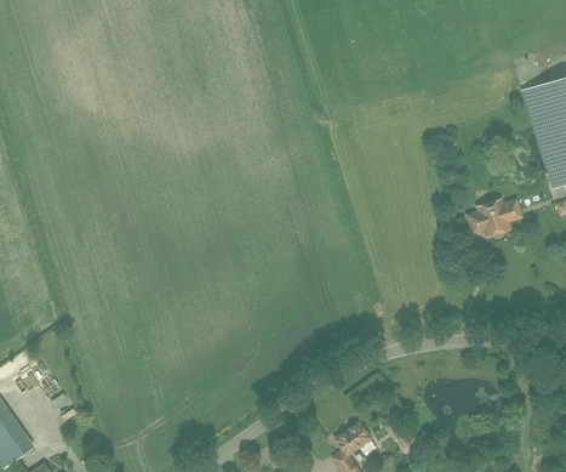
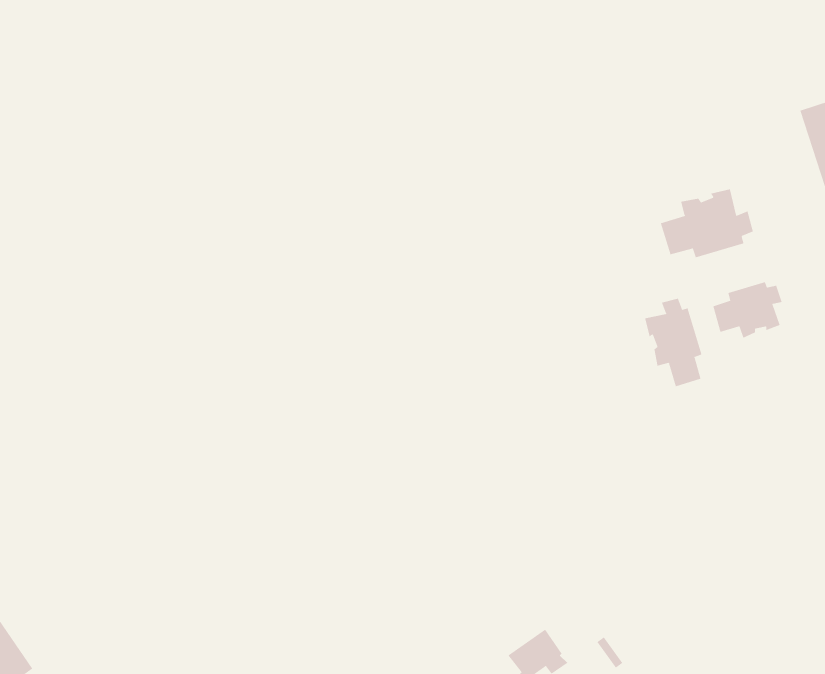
building: none -> [660,189,754,258]
building: none -> [645,298,702,387]

